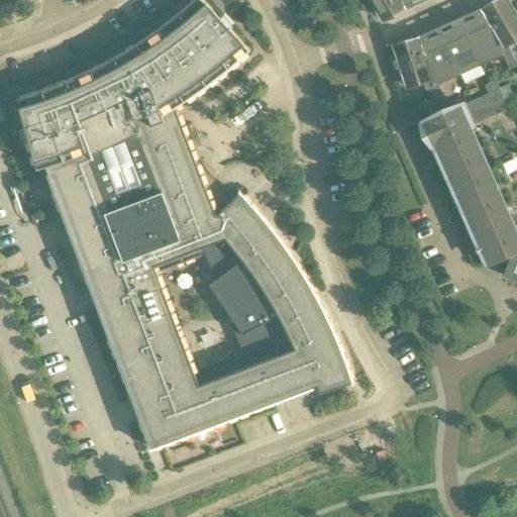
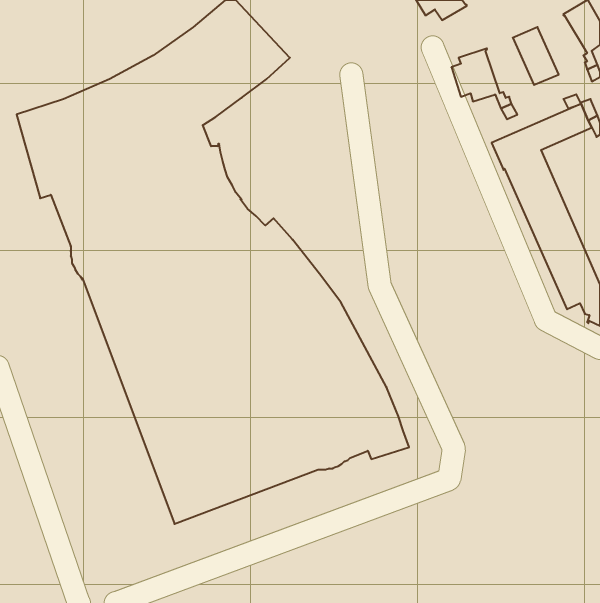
building: [460,13,503,64] -> none
building: [416,32,457,84] -> none

